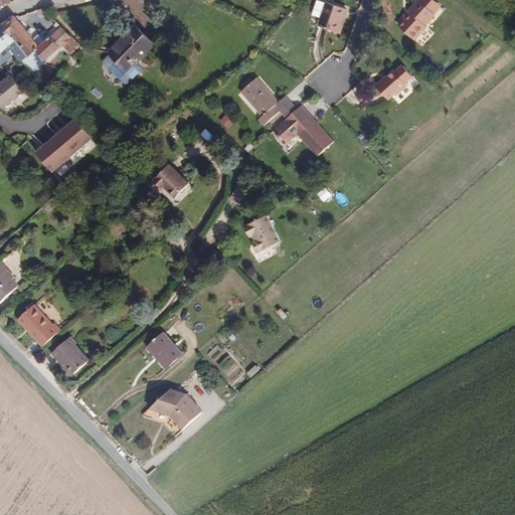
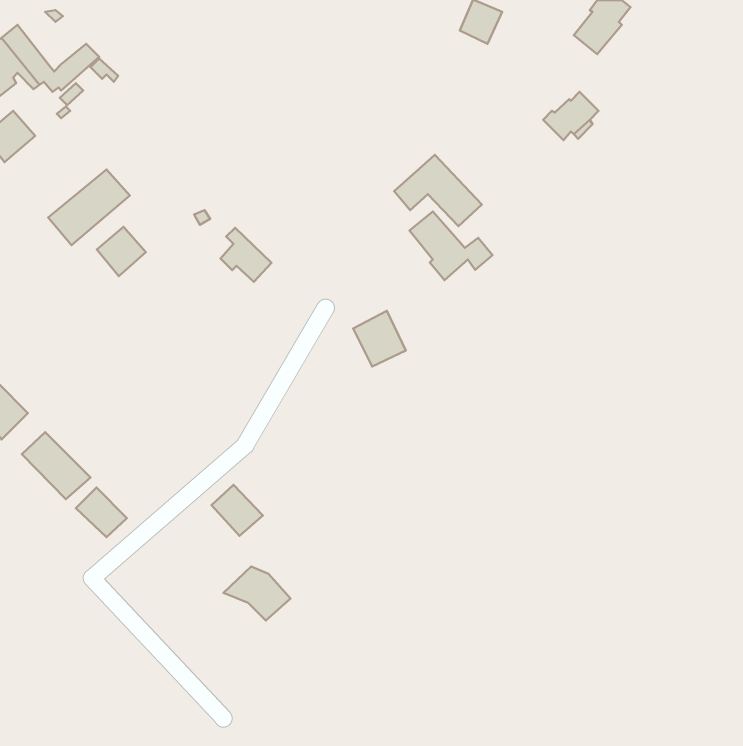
building: [108,29,154,75] -> none
building: [239,79,297,127] -> [409,211,493,280]
building: none -> [97,227,146,276]

